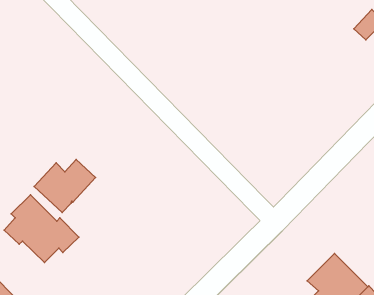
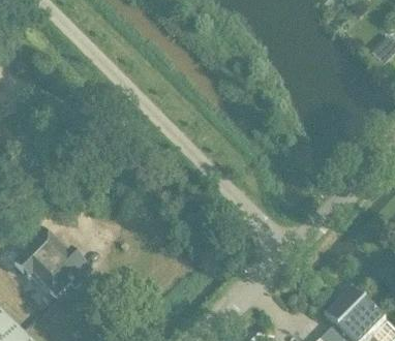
building: [34,159,96,213] -> none

